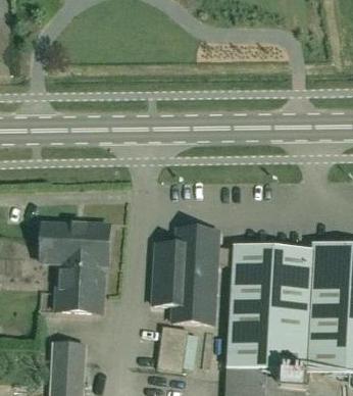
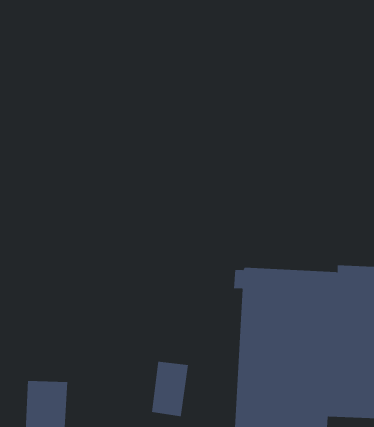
building: [39,225,108,311] -> none
building: [153,227,226,323] -> none

